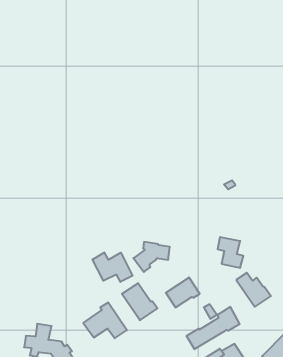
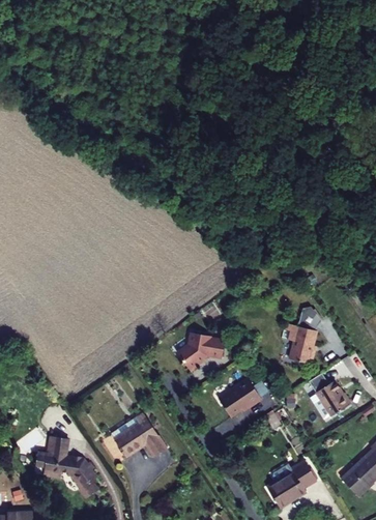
building: [92,252,133,282] -> none
building: [122,283,157,320] -> none
building: [187,307,240,349] -> none

